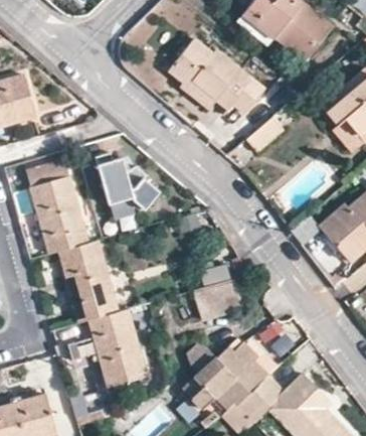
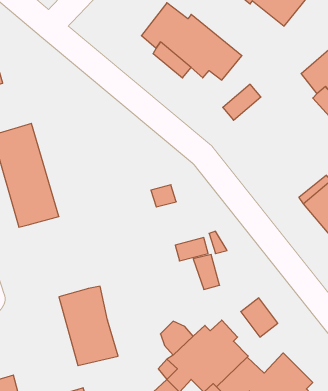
building: [98,153,163,211] -> none
building: [60,240,118,322] -> none
building: [194,283,227,320] -> none

